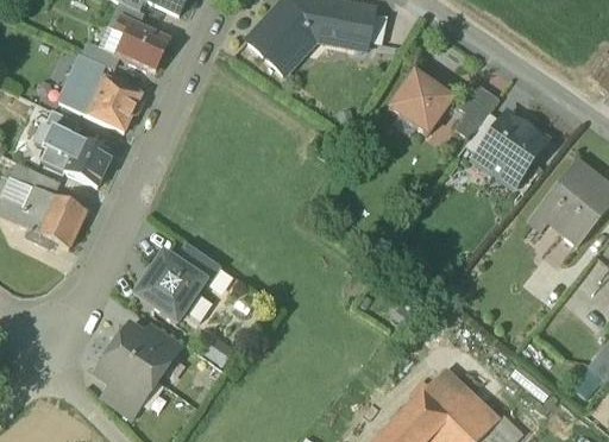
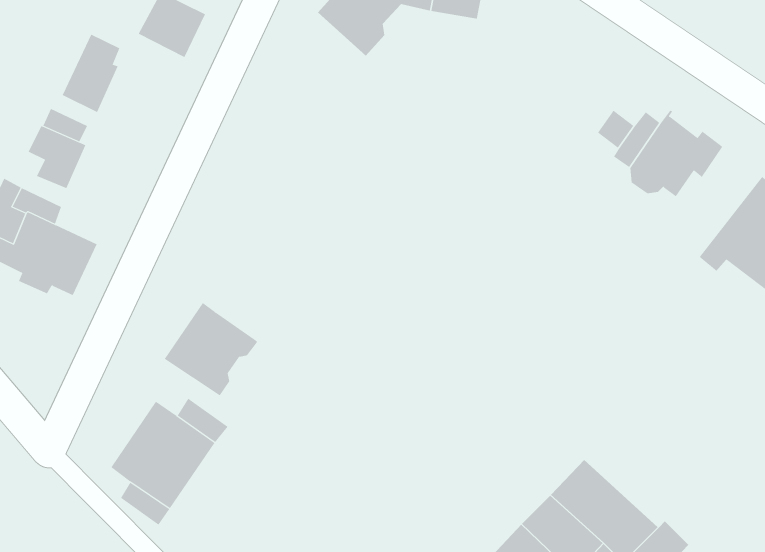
building: [389,69,453,132] -> none
building: [87,76,143,131] -> none
building: [457,80,500,122] -> none
building: [64,137,113,185] -> none
building: [174,241,221,284] -> none

